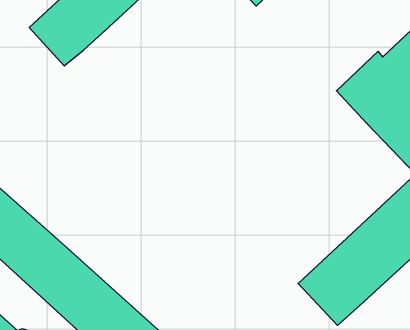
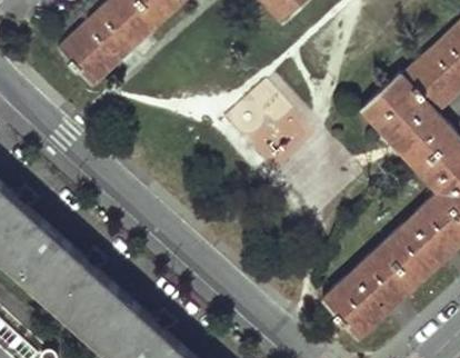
building: none -> [239,89,291,161]

